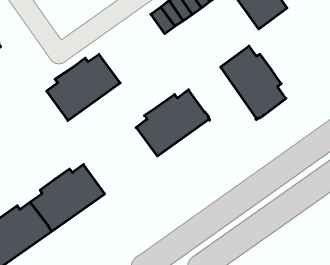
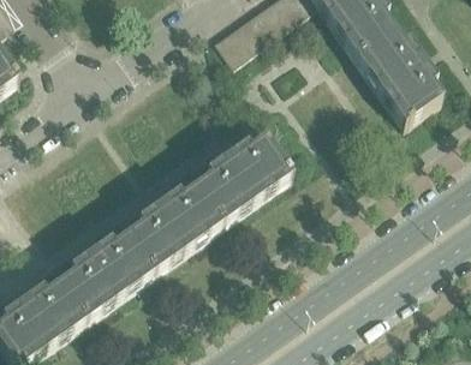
building: [221,46,286,120] -> [354,24,440,120]
building: [47,54,120,121] -> [126,180,222,267]

